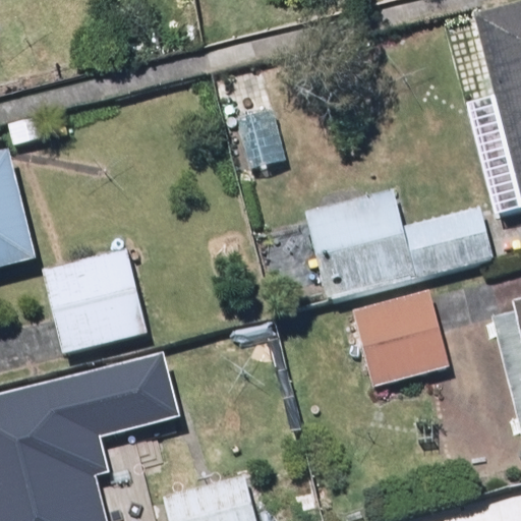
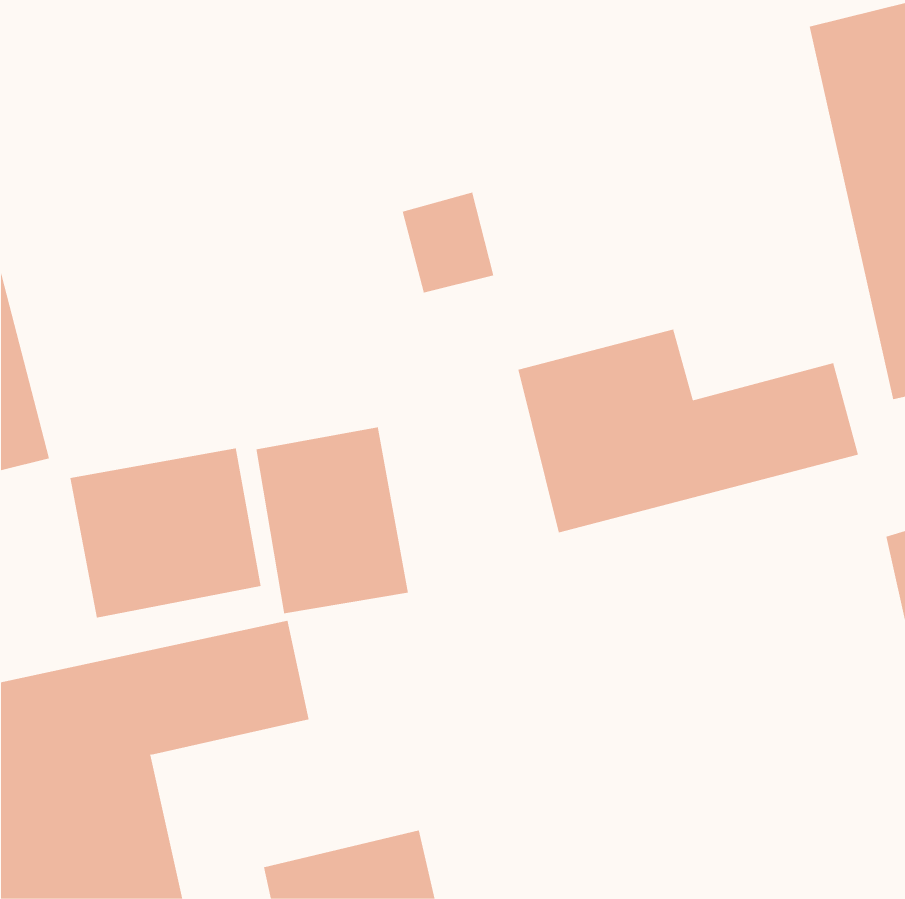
building: none -> [256,427,408,614]
building: [346,287,449,392] -> none

